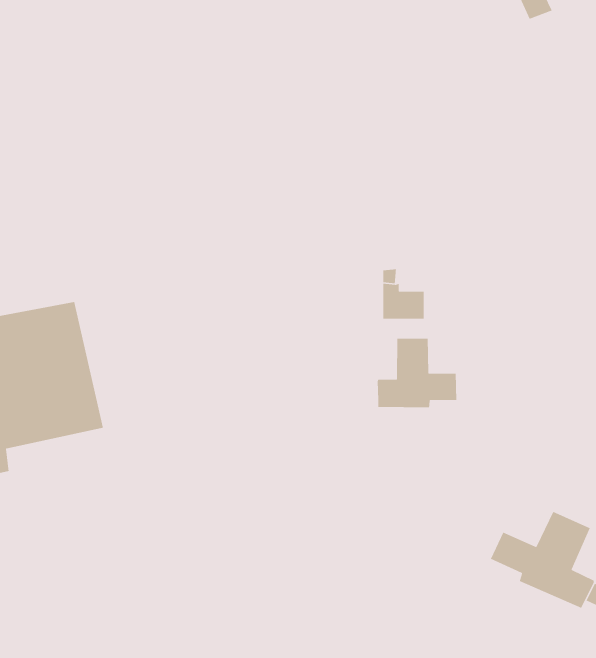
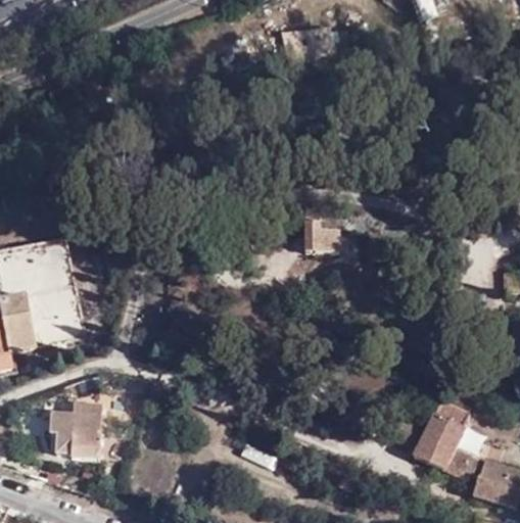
building: [377,338,457,408] -> none
building: none -> [49,402,100,458]

